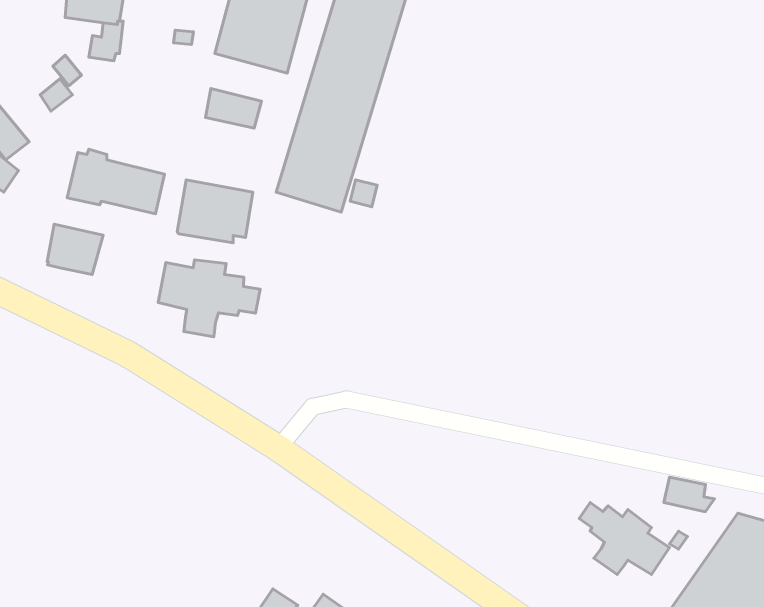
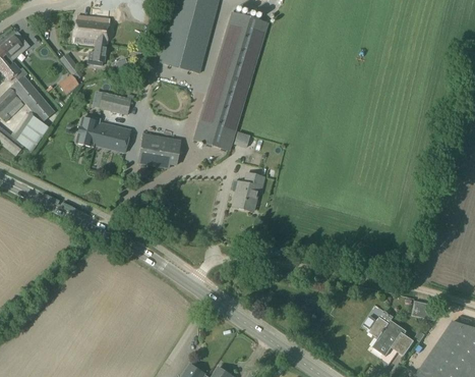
building: [206,89,261,128] -> [100,92,131,114]
building: [47,224,103,275] -> none
building: none -> [233,172,263,211]
building: [158,260,260,337] -> none

